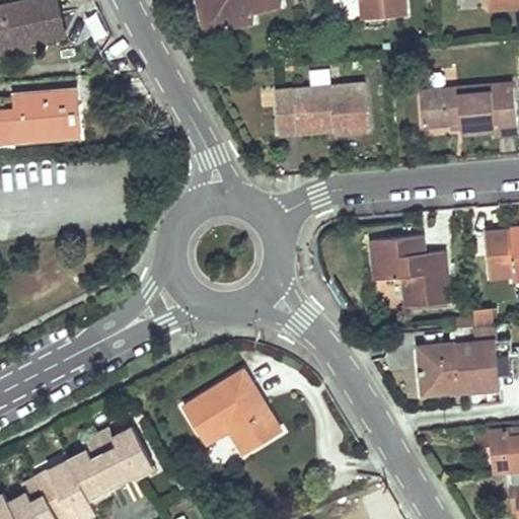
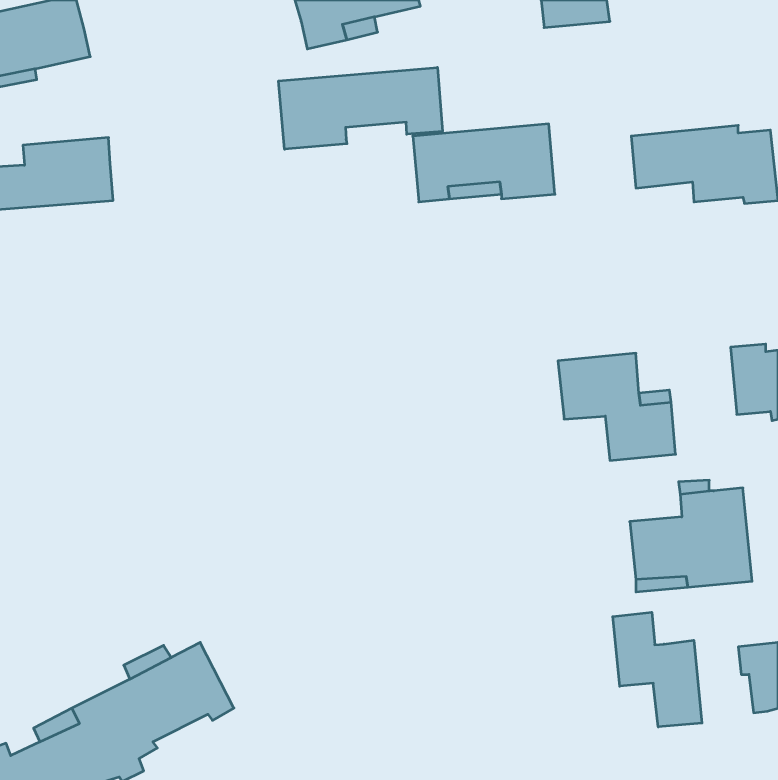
building: none -> [279,67,442,149]
building: [182,370,280,450] -> none
building: none -> [613,612,702,727]

